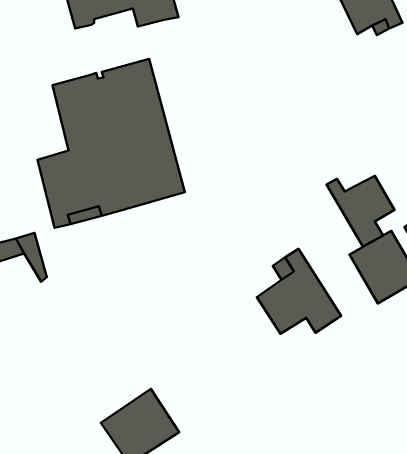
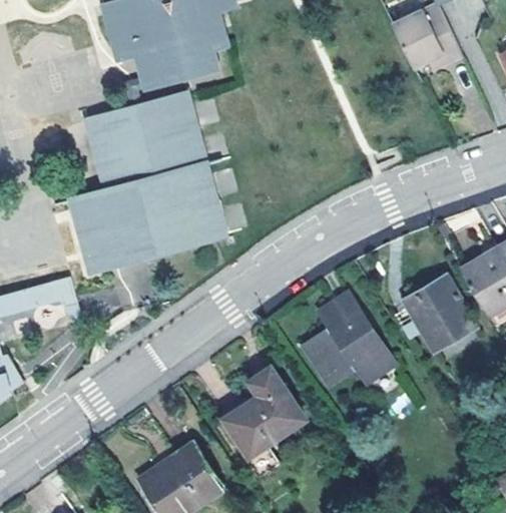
building: none -> [121,39,211,109]
building: [327,176,395,247] -> none
building: none -> [227,369,303,453]

